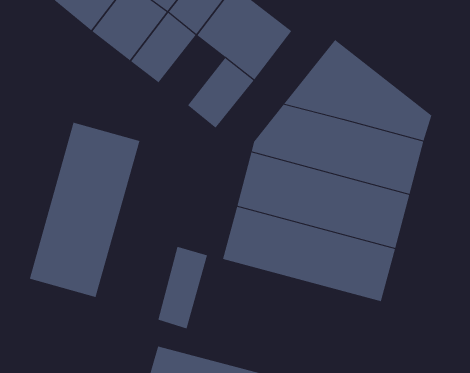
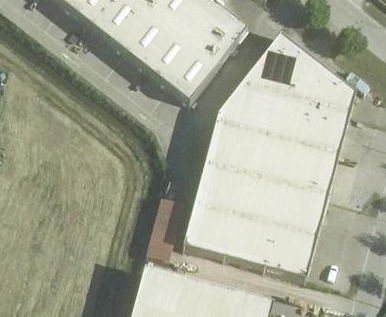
building: none -> [145,28,196,82]
building: [29,122,140,298] -> none
building: none -> [183,201,317,276]

